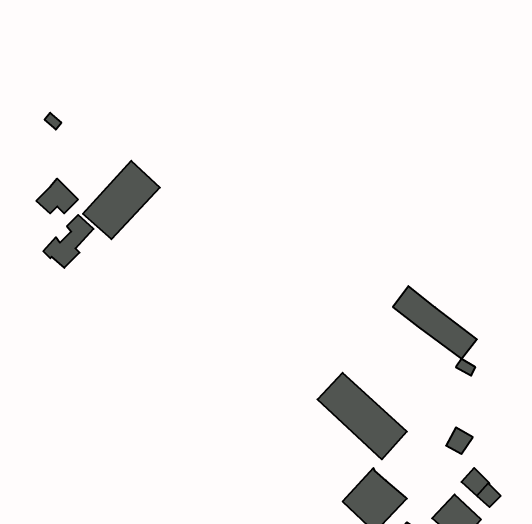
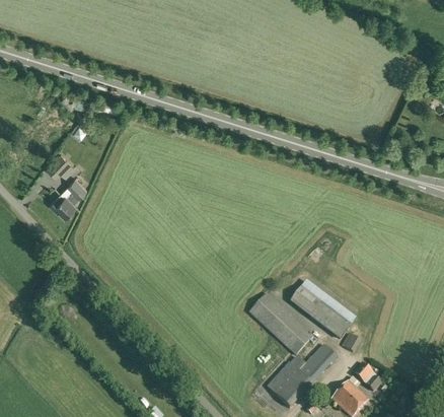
building: [83,161,160,239] -> none
building: [393,286,477,359] -> [291,285,352,338]
building: none -> [299,343,338,381]

